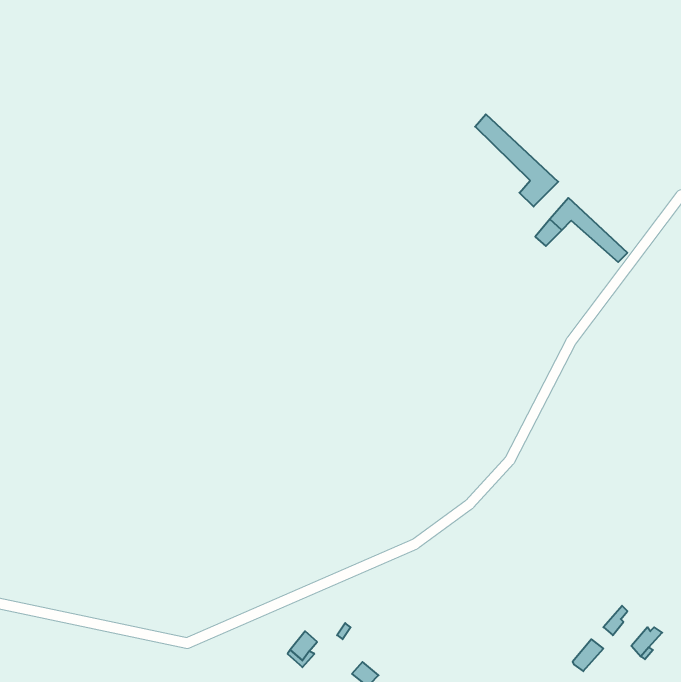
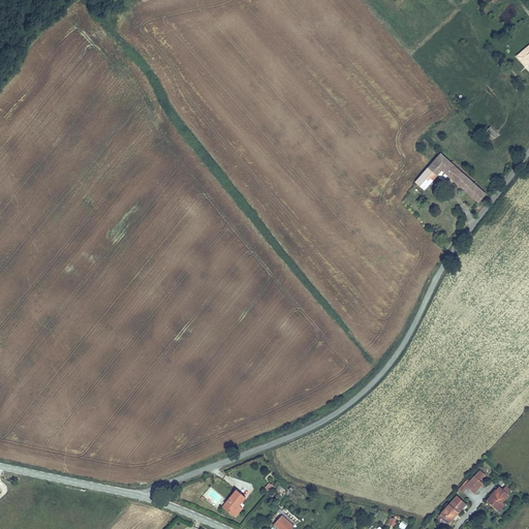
building: [475,114,558,207] -> none

